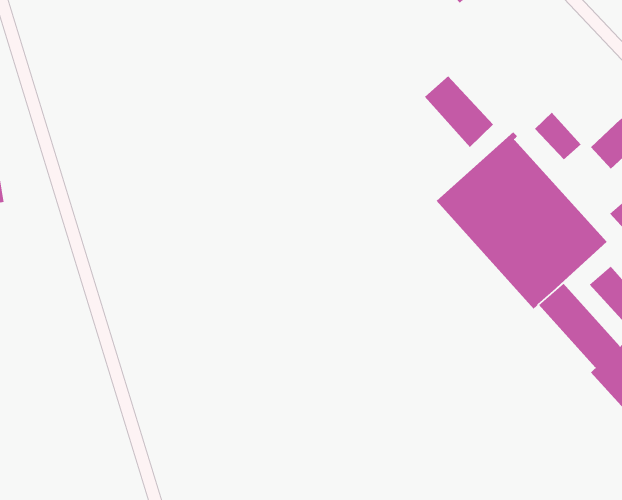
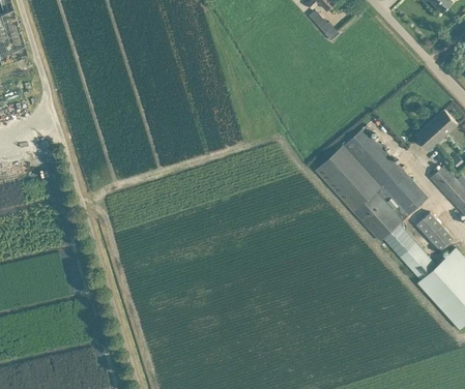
building: [424,75,494,148] -> none
building: [534,112,581,160] -> none

